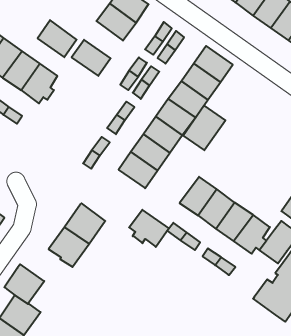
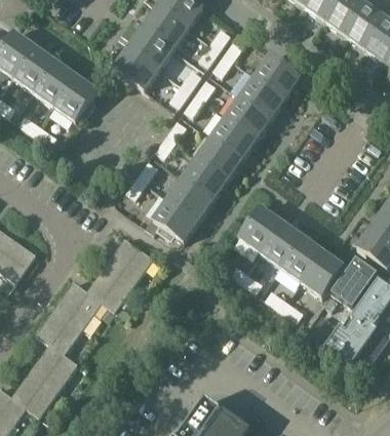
building: [38,20,77,57] -> [127,26,172,69]
building: [183,106,225,150] -> none
building: [129,210,169,247] -> [152,198,198,241]
building: none -> [53,280,101,327]

